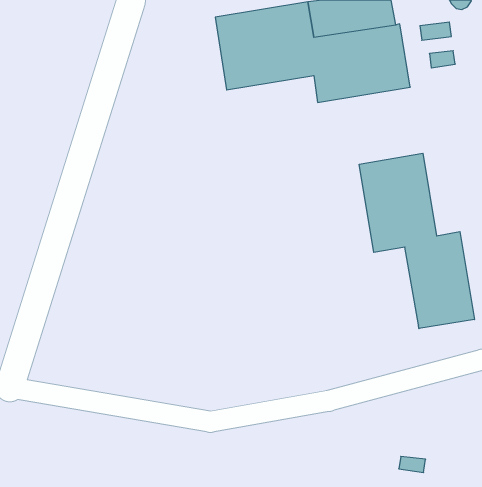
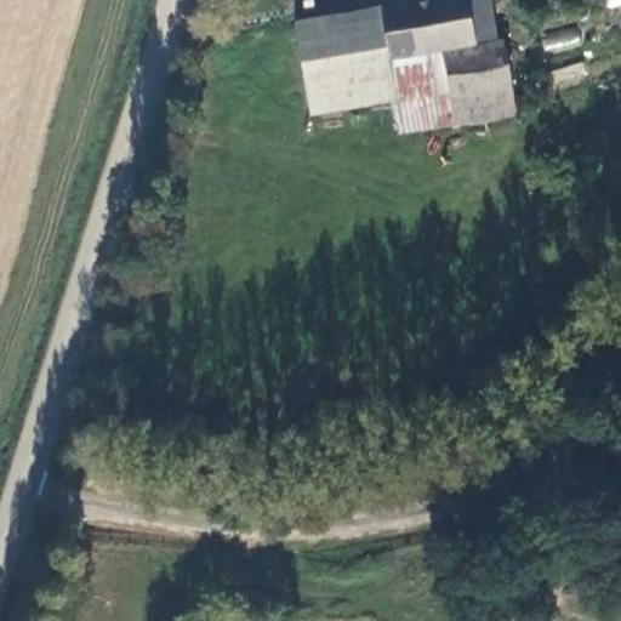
building: [359,153,474,329] -> none

